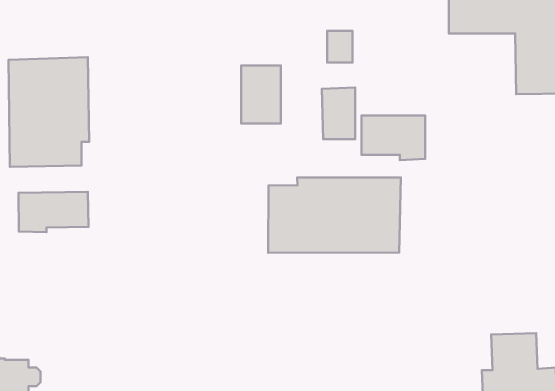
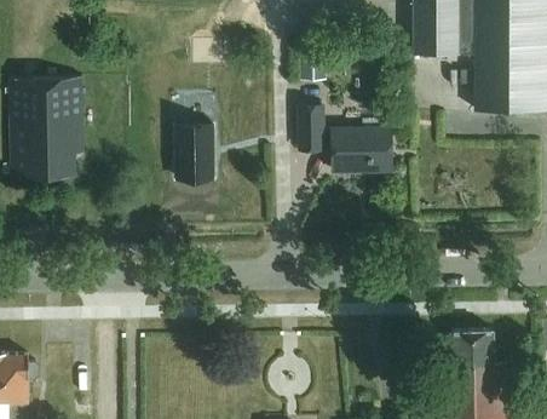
building: [241,65,281,124] -> [177,126,213,179]
building: [268,178,401,253] -> none
building: [18,192,88,232] -> none

